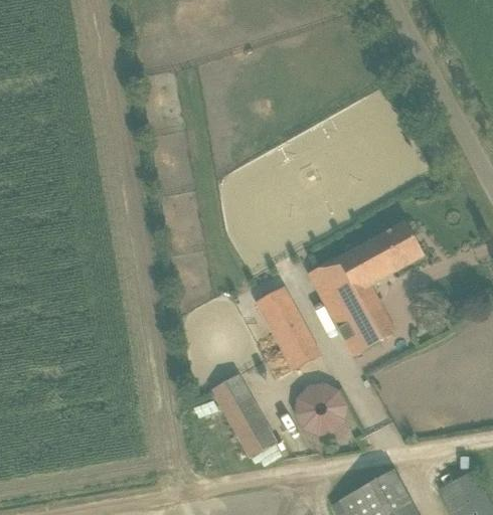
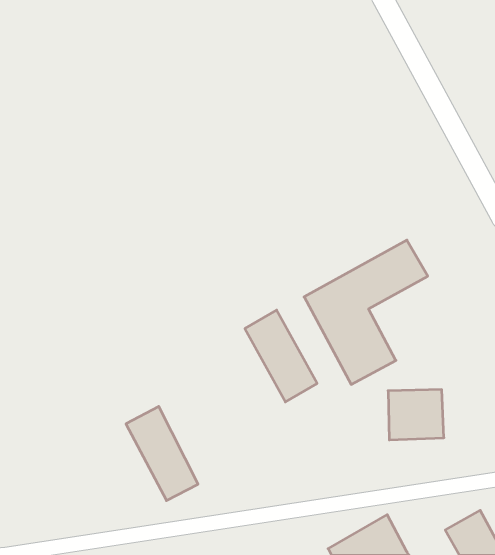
building: [208,370,275,457] -> [126,406,198,501]
building: [294,384,345,431] -> [388,390,444,440]

